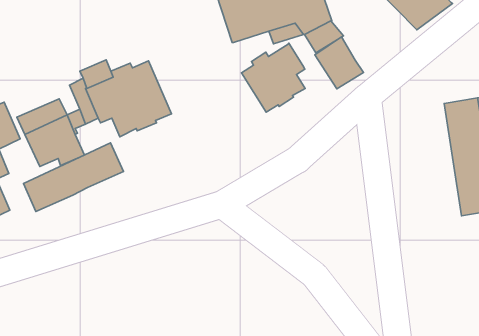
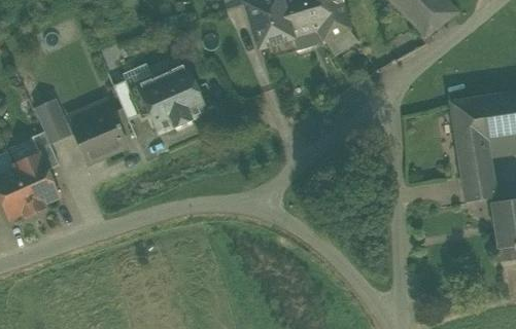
building: [315,37,364,89] -> none
building: [242,43,305,112] -> none
building: [23,143,124,211] -> none

